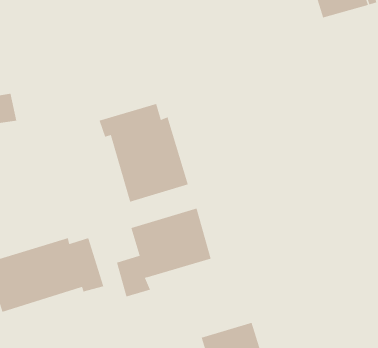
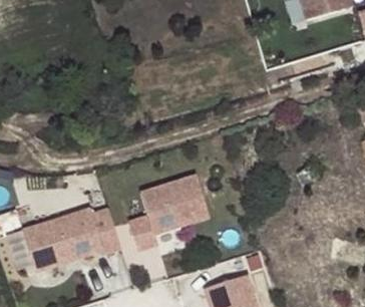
building: [99,103,188,203] -> none

